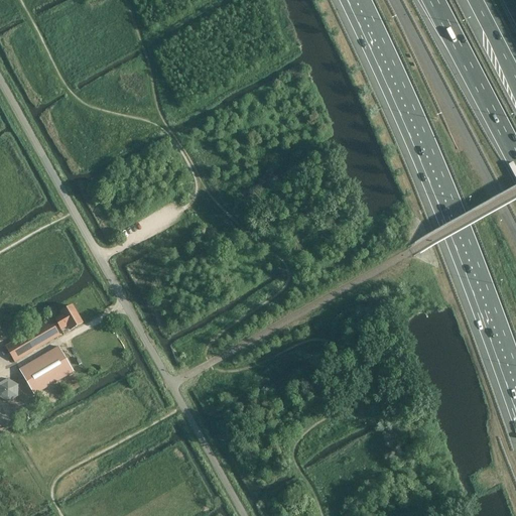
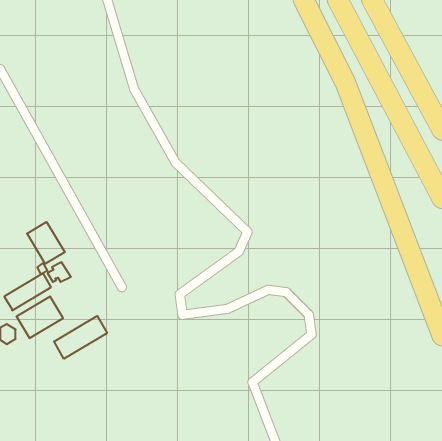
building: none -> [27,222,65,264]
building: none -> [54,316,107,359]

